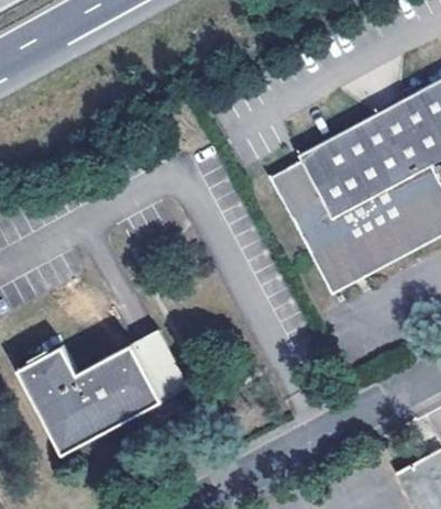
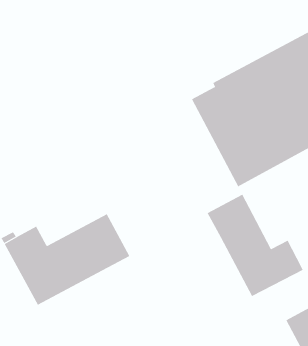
building: none -> [207,194,303,297]

